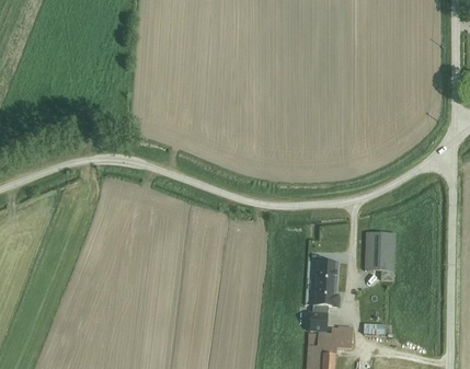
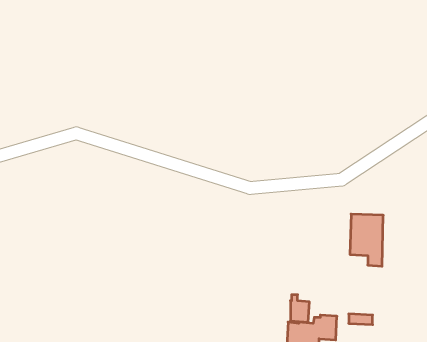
building: [314,258,339,305] -> none

